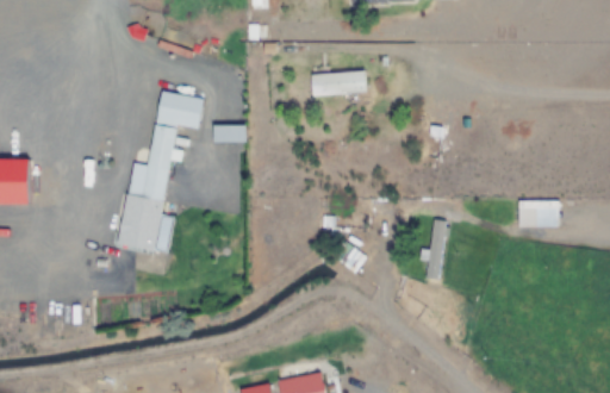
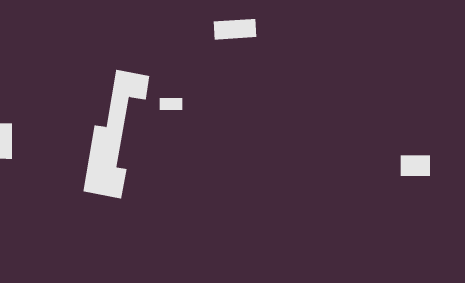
building: [311,70,367,98] -> [213,18,257,40]
building: [428,219,447,279] -> none

